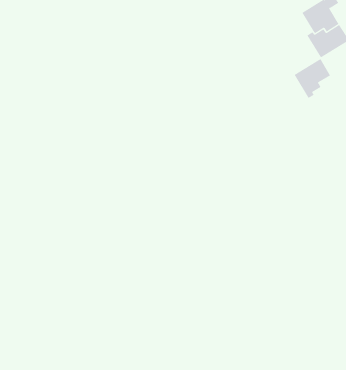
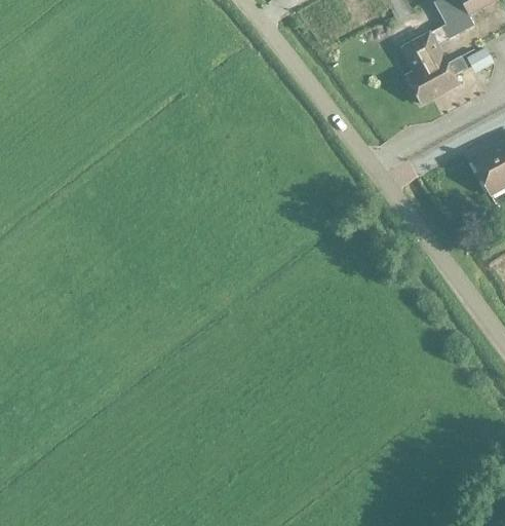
building: [294,58,331,99] -> none

